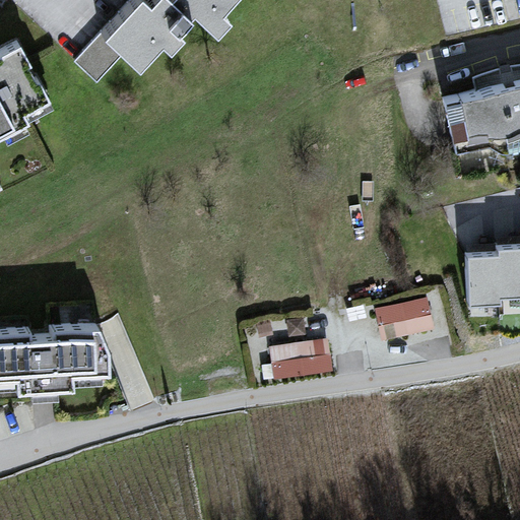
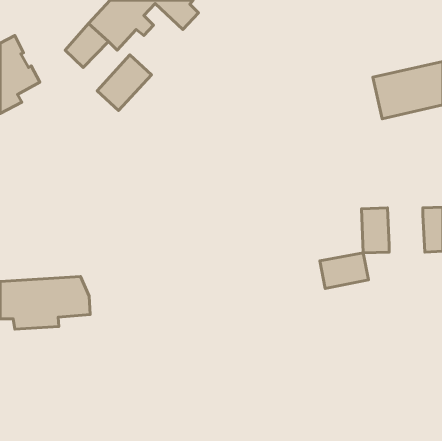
building: none -> [97,55,152,110]
building: [466,254,499,307] -> [361,208,389,253]
building: [271,339,334,382] -> none

